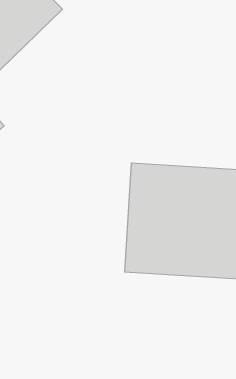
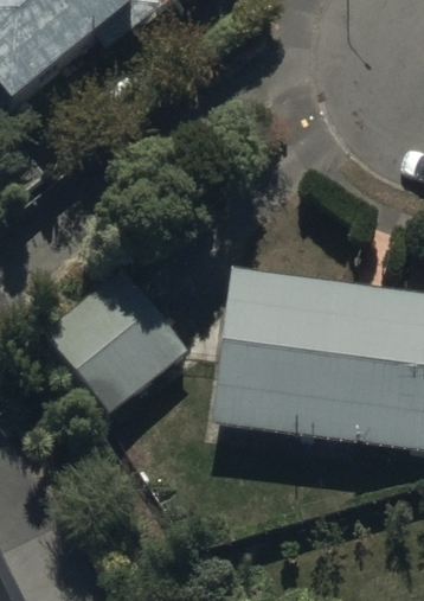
building: none -> [40,277,189,428]

